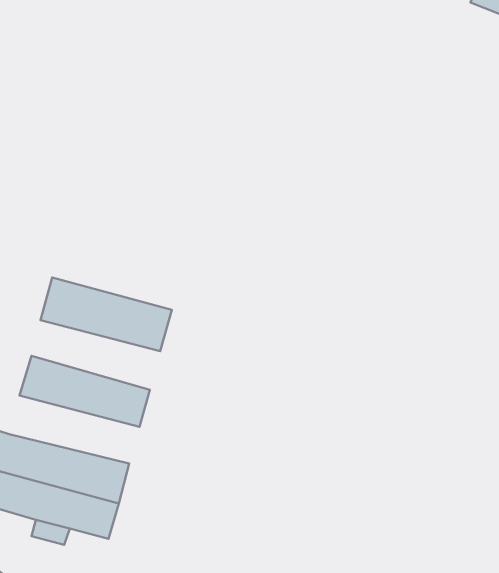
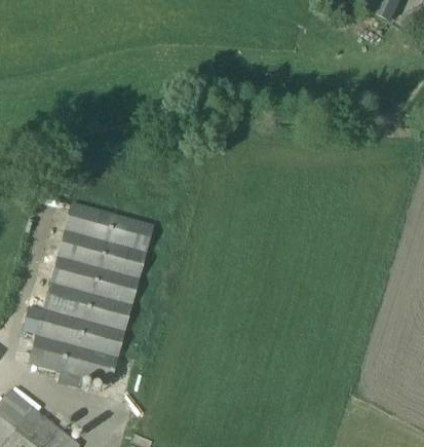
building: none -> [57,230,147,278]
building: none -> [42,283,132,330]

